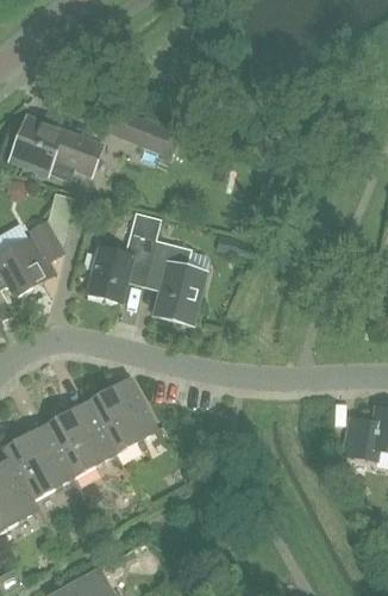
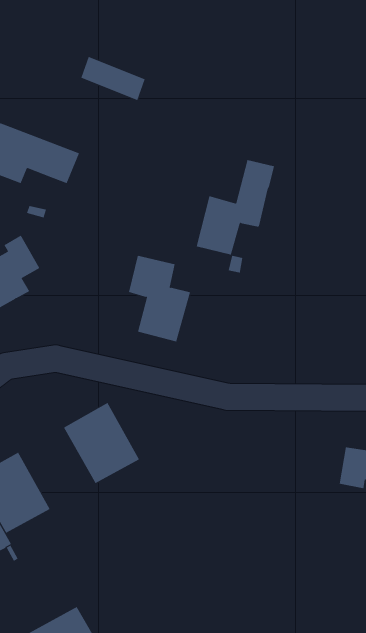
building: [108,110,169,151] -> [81,56,146,101]
building: [87,213,161,303] -> [196,160,275,255]
building: [44,402,115,478] -> none

